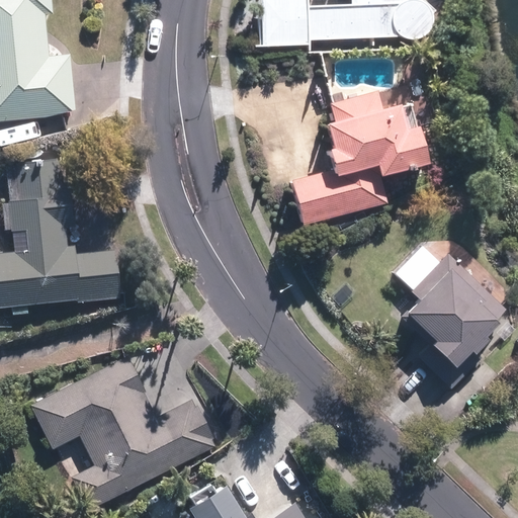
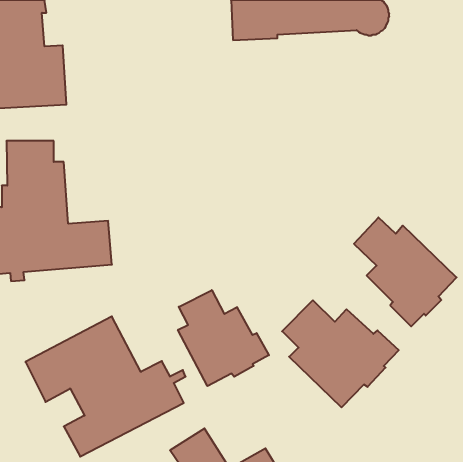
building: [290,92,433,226] -> none
building: none -> [178,290,269,386]
building: none -> [282,300,399,407]

